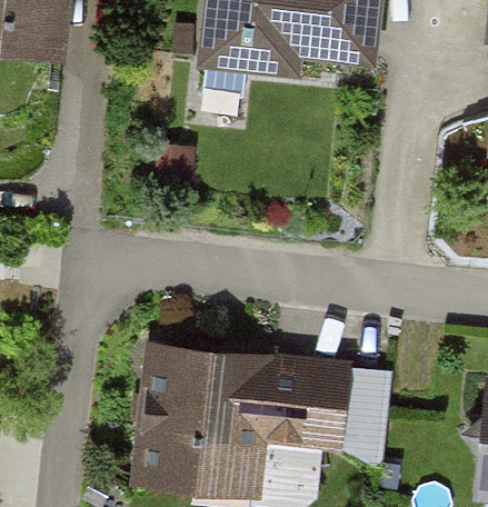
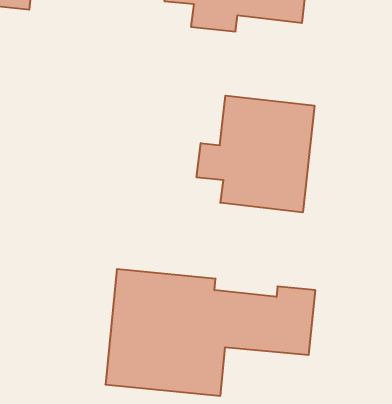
building: none -> [197,96,314,212]

